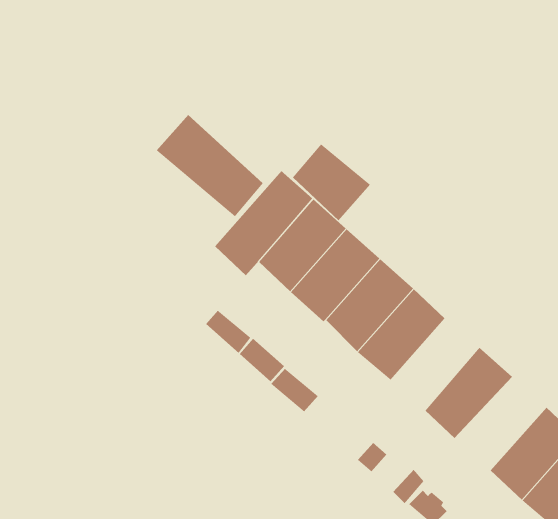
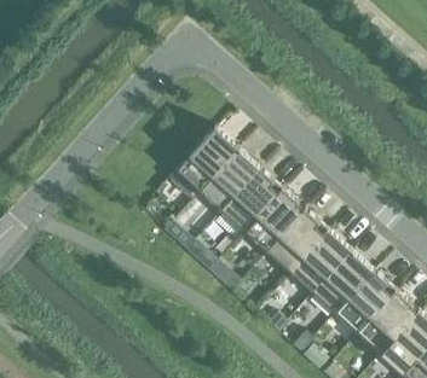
building: [156,114,263,217] -> none
building: [292,144,371,221] -> none
building: none -> [292,229,352,292]
building: none -> [335,269,398,333]

